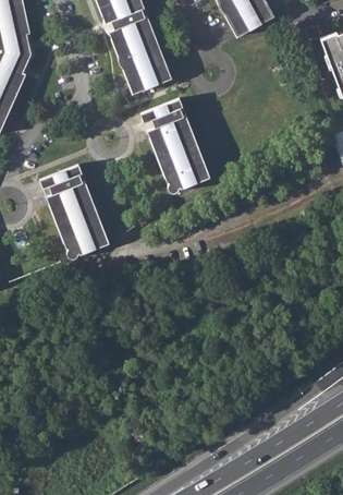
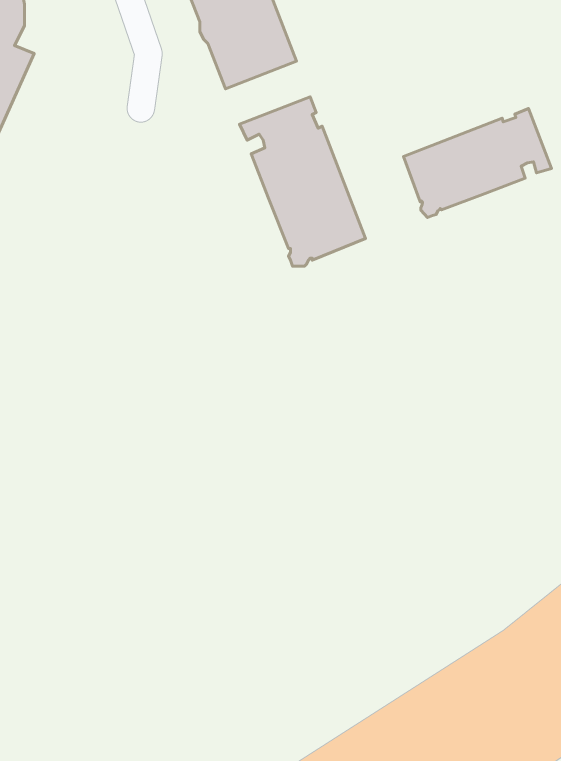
building: none -> [403,109,552,218]
building: [39,165,110,259] -> none

